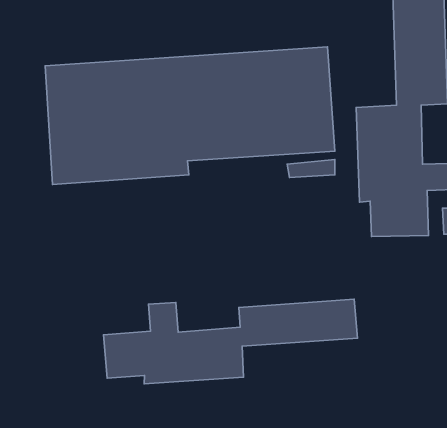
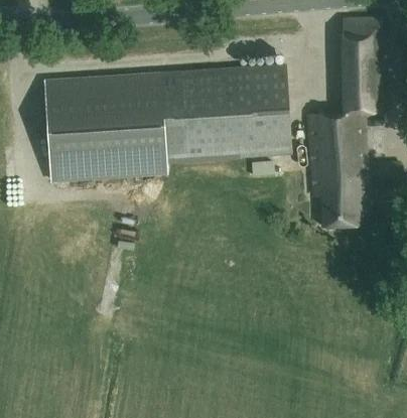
building: [103,299,358,384] -> none

